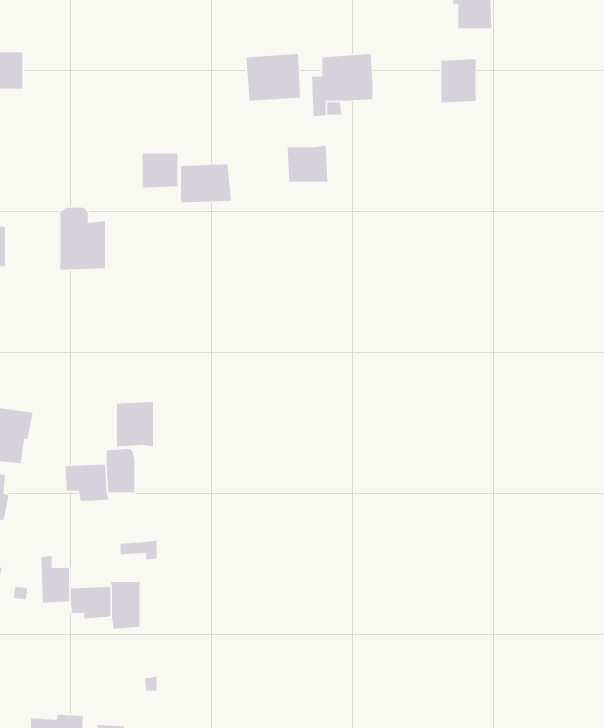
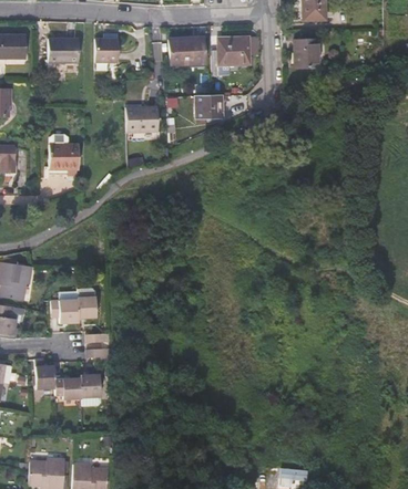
building: none -> [48,39,79,62]
building: [142,152,178,189] -> [94,39,118,62]
building: [116,401,154,447] -> none

